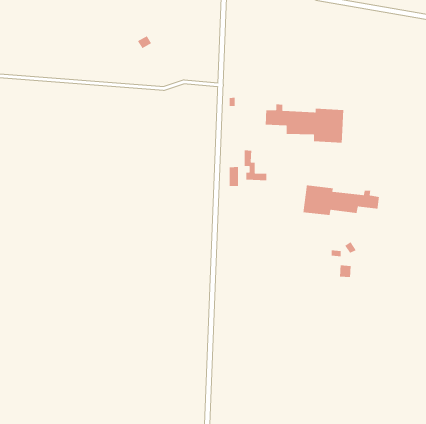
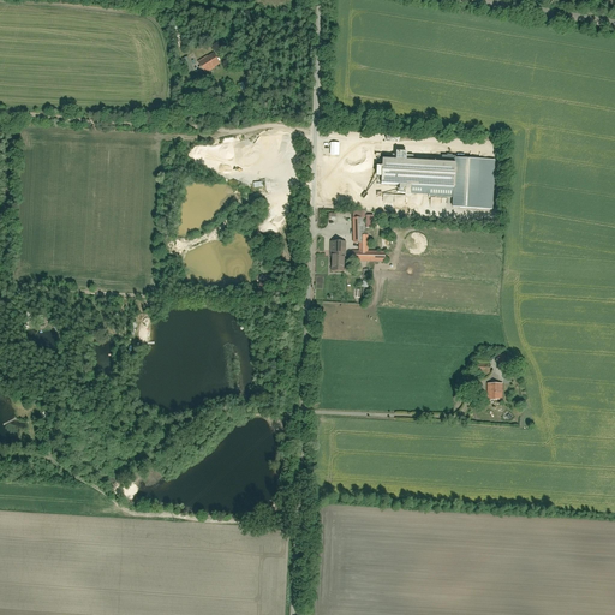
building: [302,185,380,216] -> none

